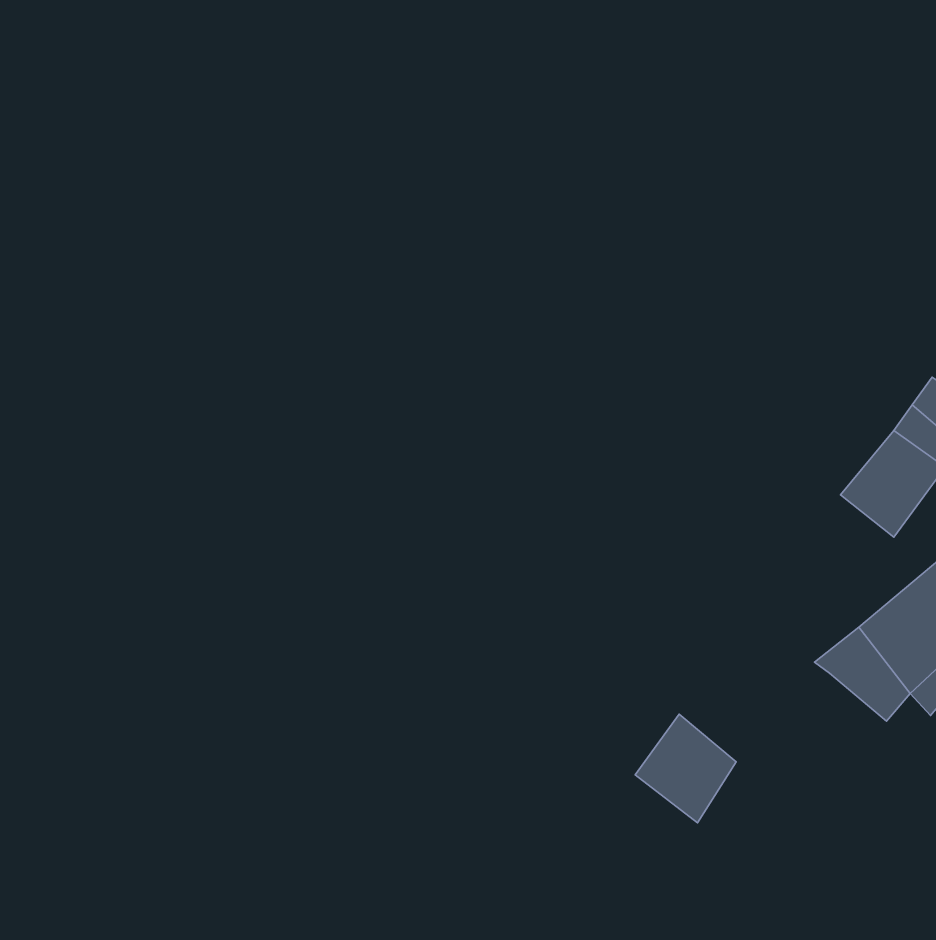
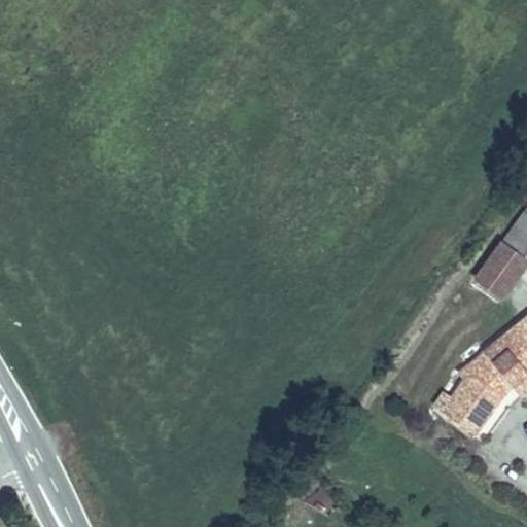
building: [635,714,736,823] -> [442,377,498,437]

